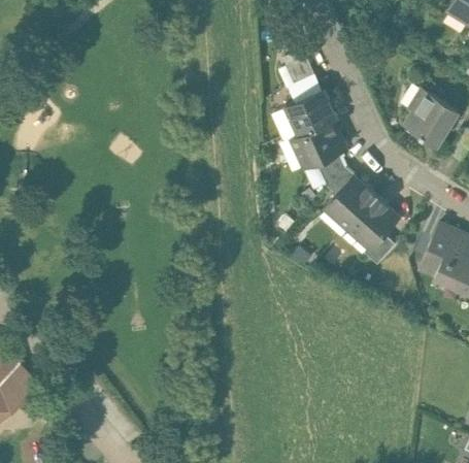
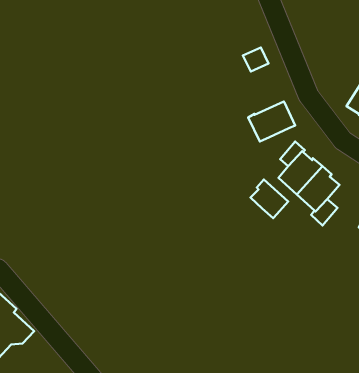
building: [286,91,337,136] -> none
building: [315,152,345,188] -> none
building: none -> [250,180,288,218]

